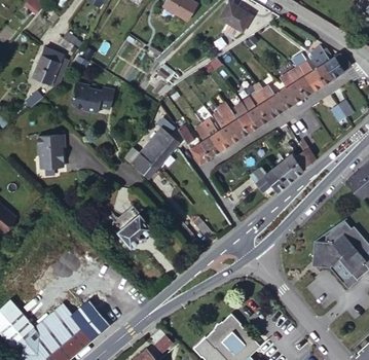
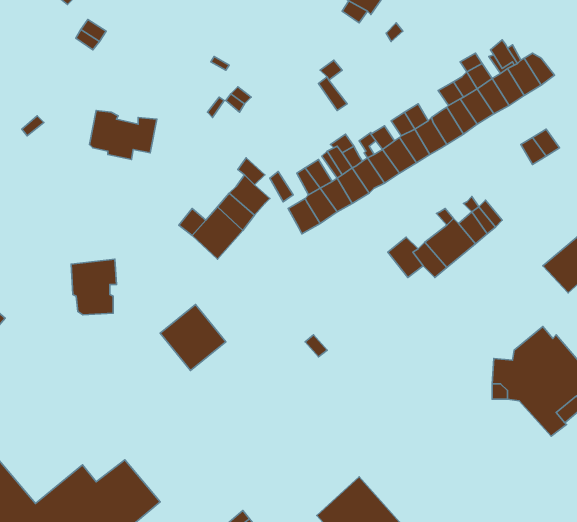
building: [31,47,67,86] -> none
building: [36,134,64,168] -> [71,259,117,315]

